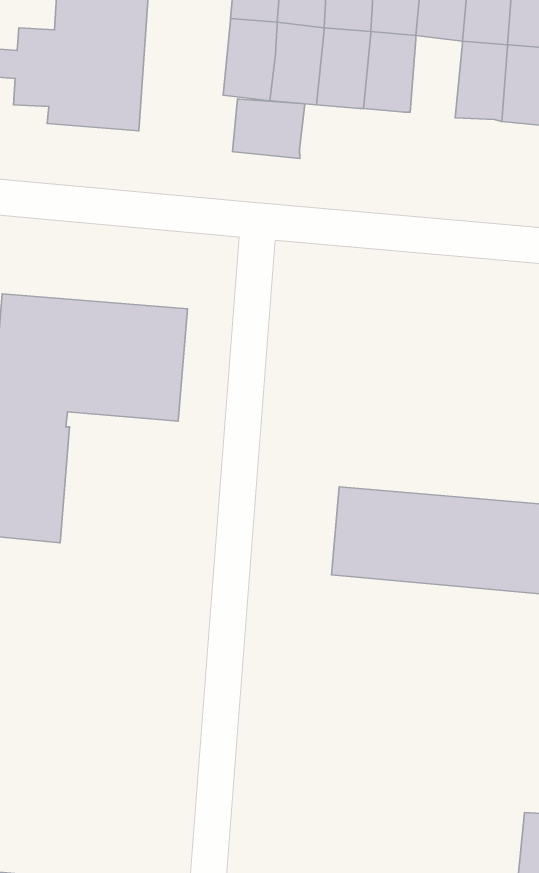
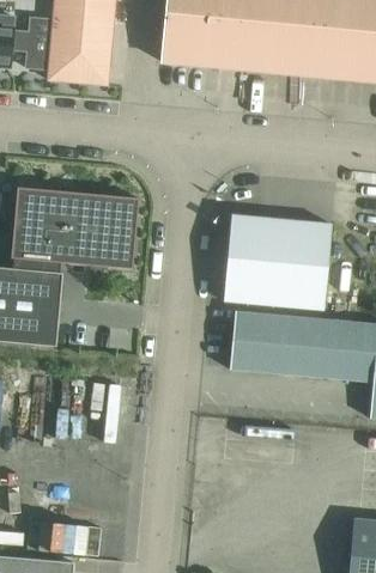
building: none -> [280,23,314,75]
building: [233,99,305,159] -> none
building: none -> [223,215,330,310]

